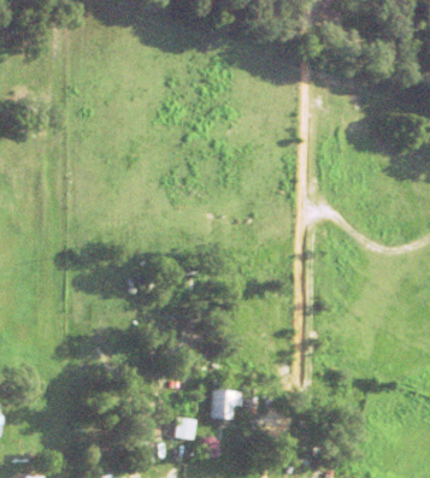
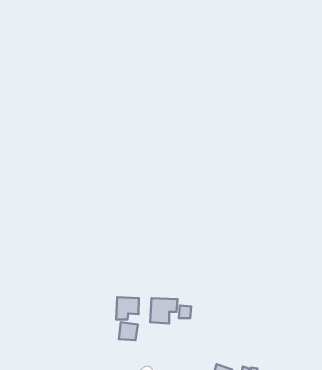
building: none -> [116,297,139,320]

